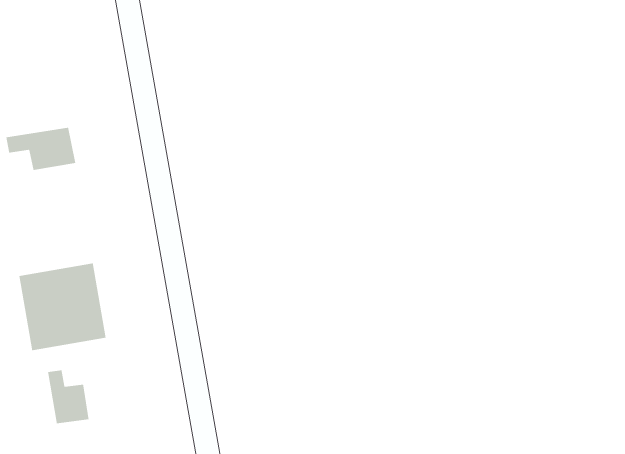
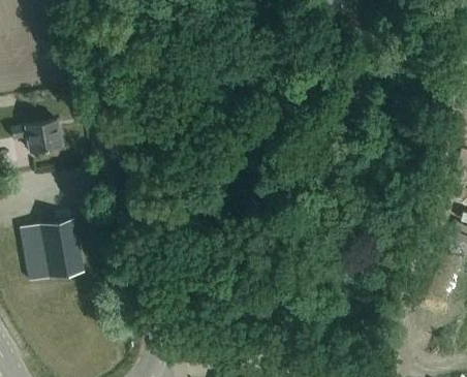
building: [48,369,89,424] -> none

